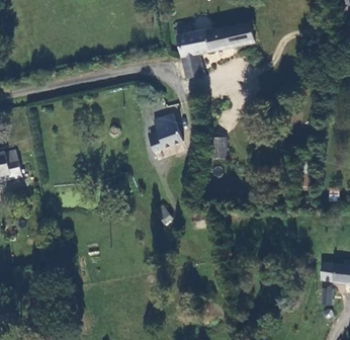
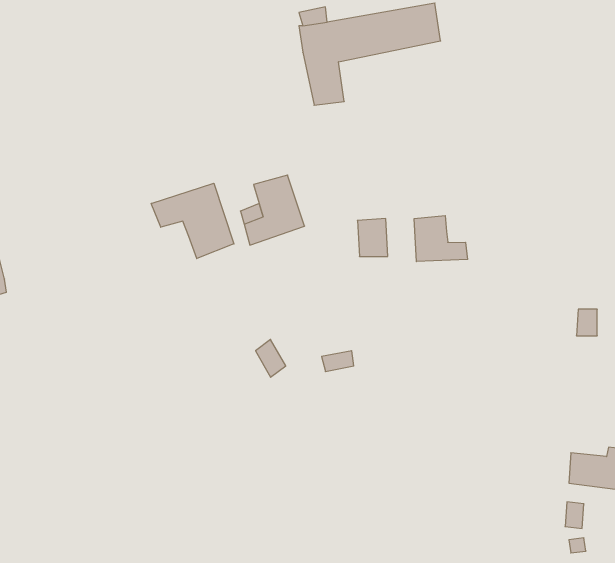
building: none -> [151,183,234,259]
building: none -> [414,216,468,262]

